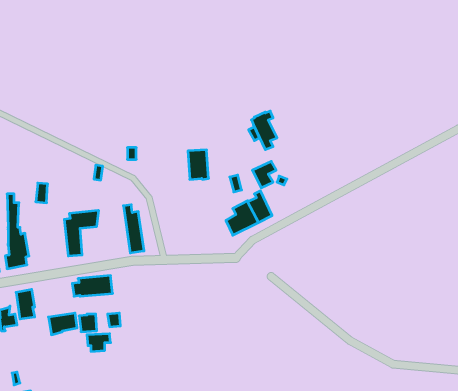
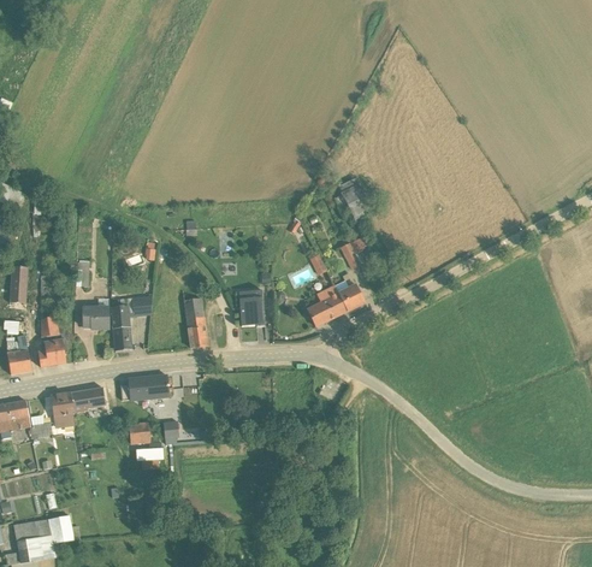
building: [188,150,209,179] -> [238,290,264,326]
building: none -> [82,299,108,329]
building: [48,313,77,335] -> [70,388,105,414]

